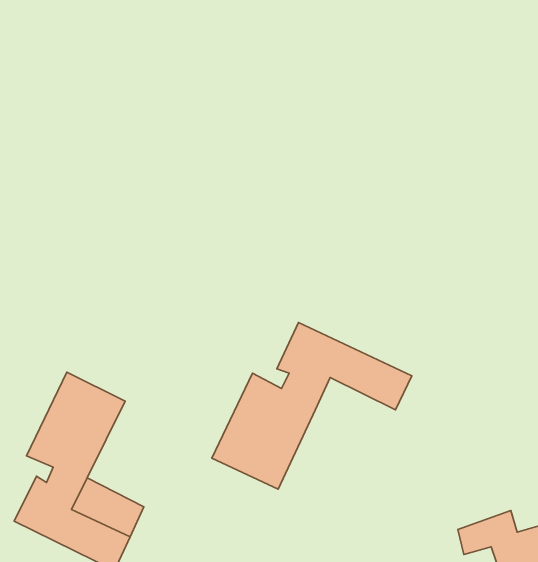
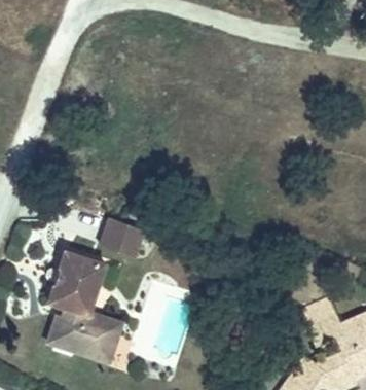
building: [212,323,412,489] -> none
building: none -> [105,221,149,261]

